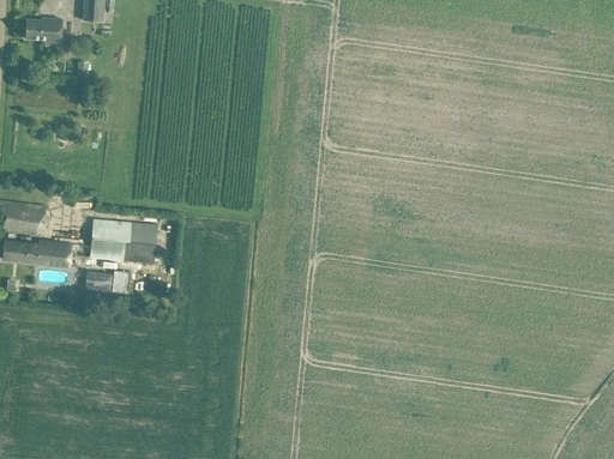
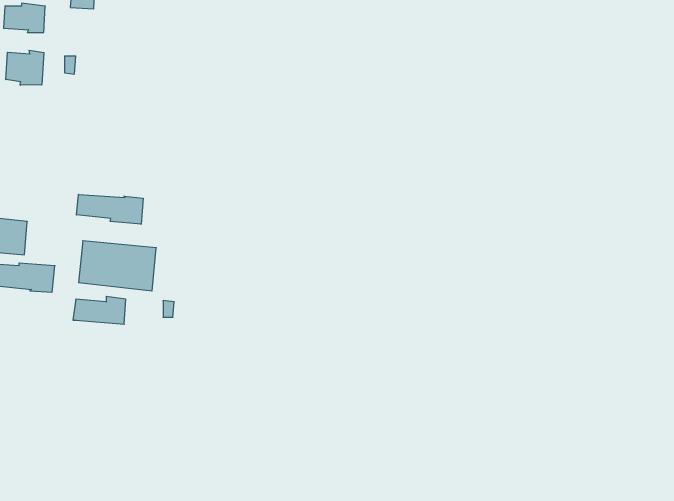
building: none -> [6,50,44,85]
building: none -> [76,194,143,224]

